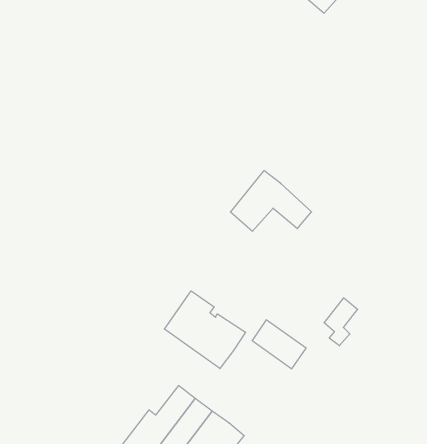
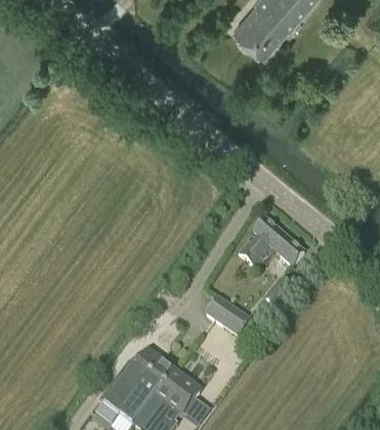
building: [230,171,312,231] -> [241,219,305,267]
building: [164,291,246,369] -> none

